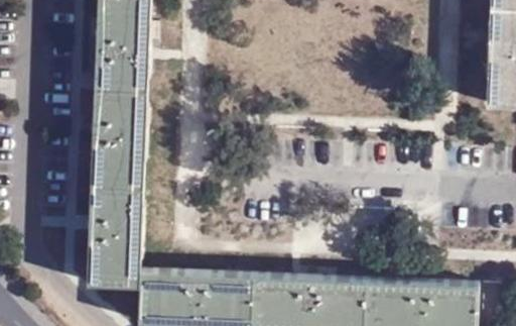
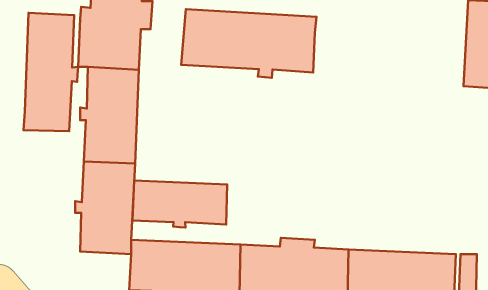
building: none -> [181,9,317,78]
building: none -> [24,13,78,131]
building: none -> [132,181,227,227]

